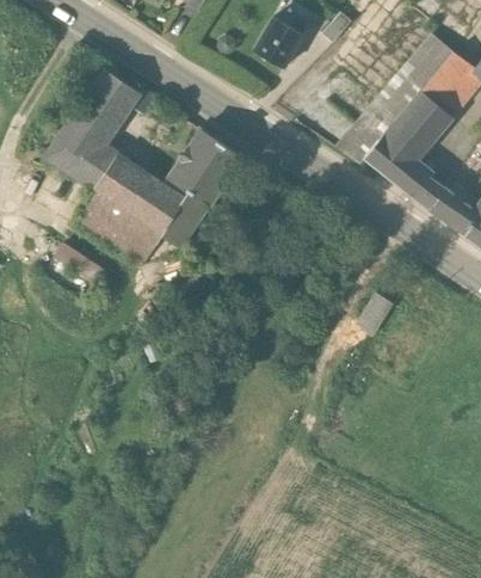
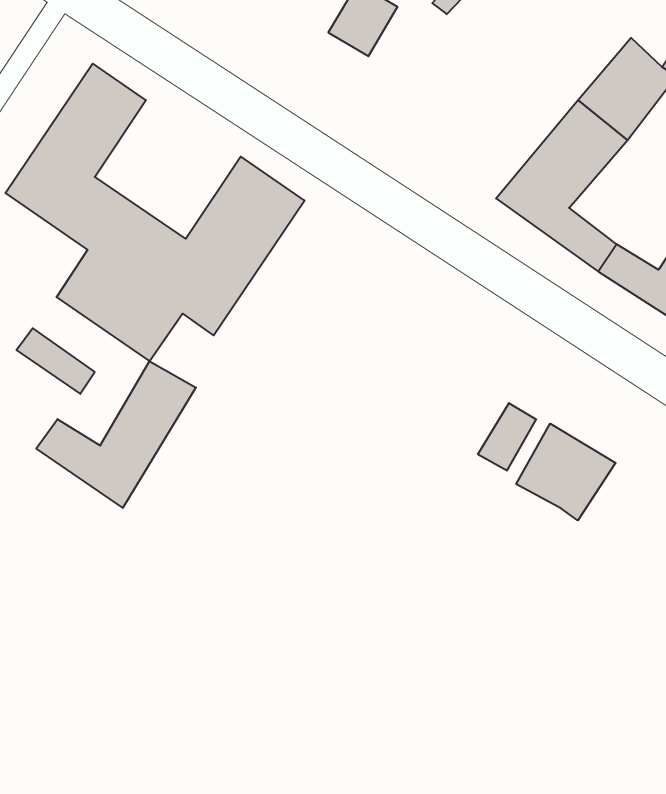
building: [338,35,455,165] -> none
building: none -> [36,361,196,508]
building: none -> [516,424,616,520]

